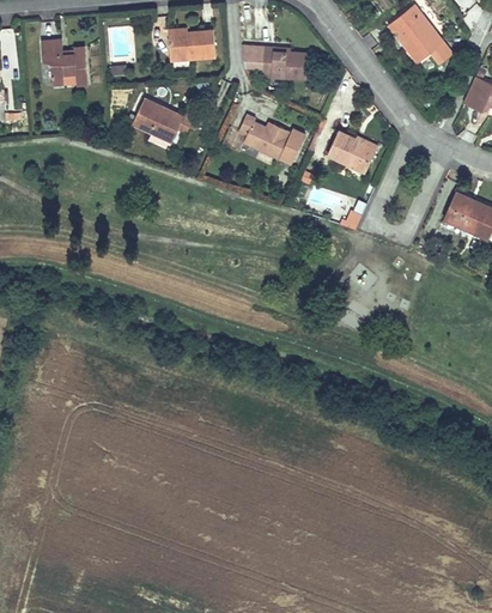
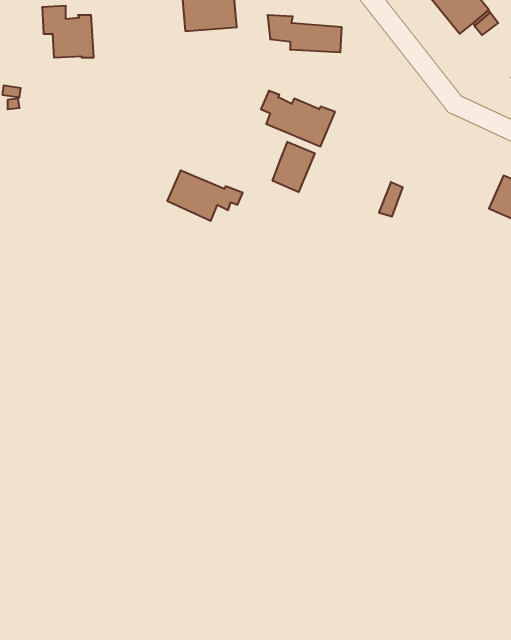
building: [132,98,200,144] -> [167,170,243,221]
building: [327,129,379,175] -> none
building: none -> [273,142,315,192]

